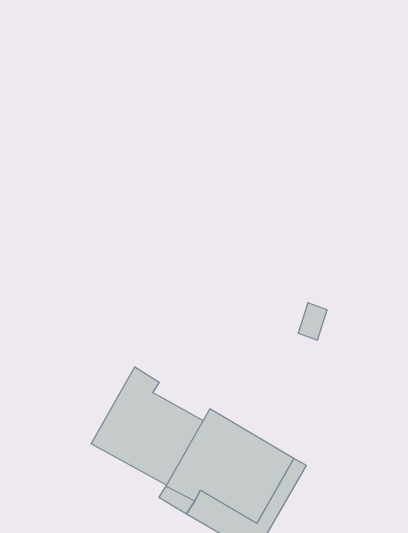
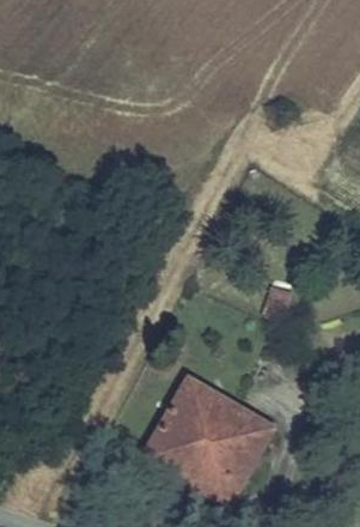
building: [91,367,203,485] -> none

